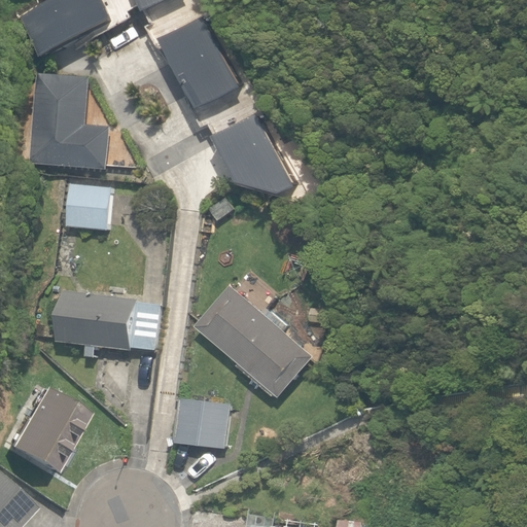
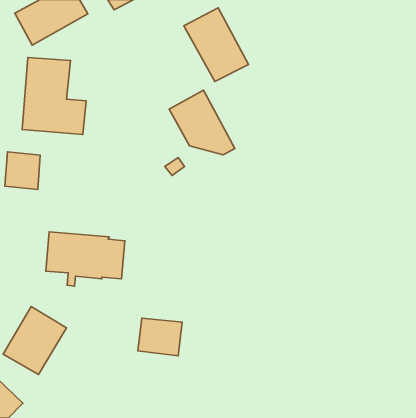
building: [159,16,240,109] -> [184,8,249,82]
building: [66,183,110,231] -> [5,152,40,190]
building: [195,284,313,397] -> none

